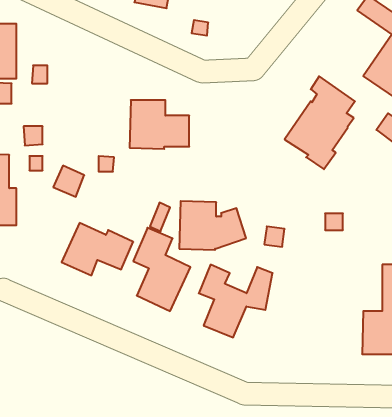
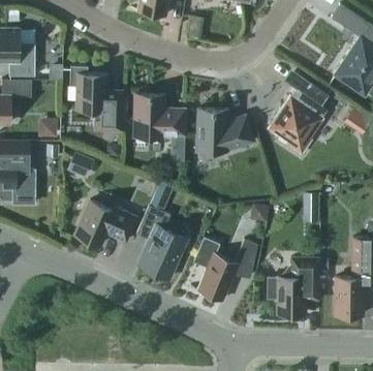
building: none -> [69,66,122,131]
building: [179,201,246,250] -> [195,110,253,152]
building: none -> [267,258,319,314]

